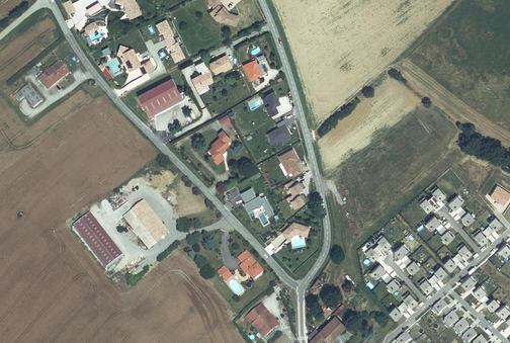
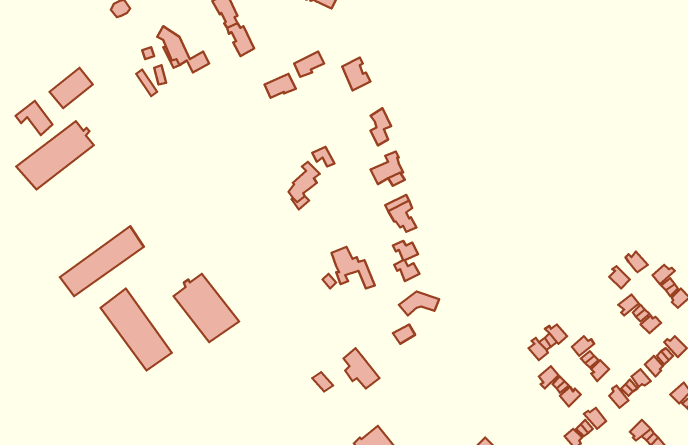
building: [134,75,177,110] -> none
building: none -> [16,121,94,189]
building: none -> [60,226,144,296]

